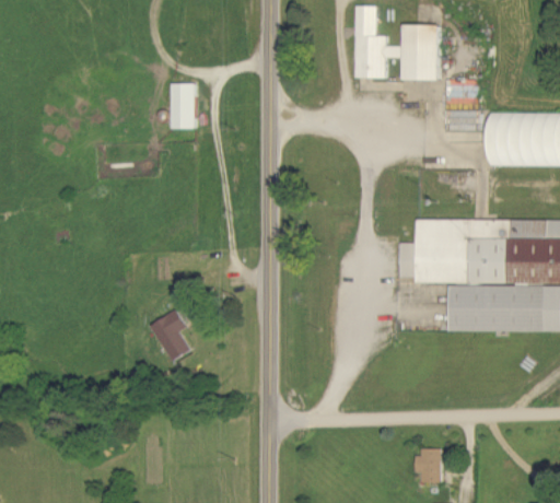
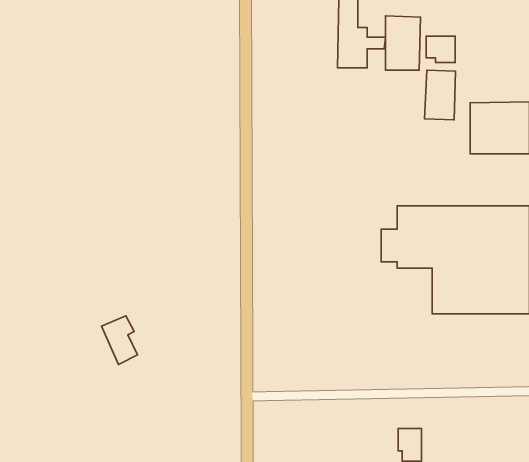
building: none -> [426,36,455,63]
building: [171,83,195,129] -> none
building: [152,312,189,362] -> [101,316,137,364]

